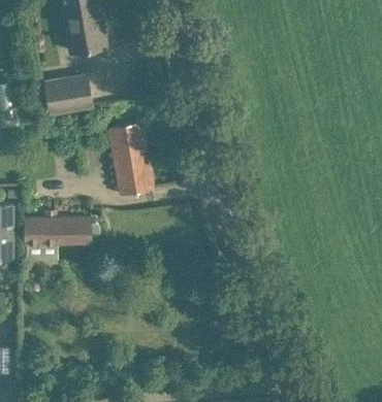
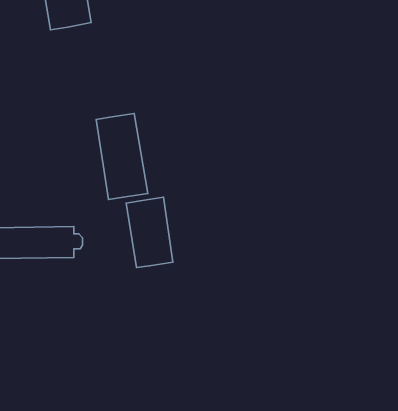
building: [43,75,94,118] -> none
building: none -> [126,197,173,268]

